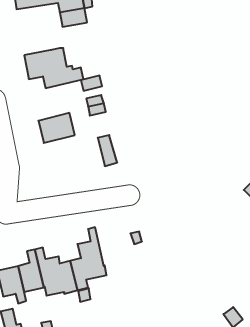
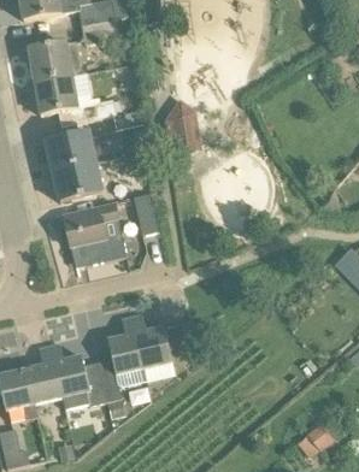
building: none -> [29,40,83,82]
building: none -> [169,98,204,151]
building: none -> [47,130,96,171]
building: none -> [65,199,129,265]
building: none -> [131,313,172,368]

